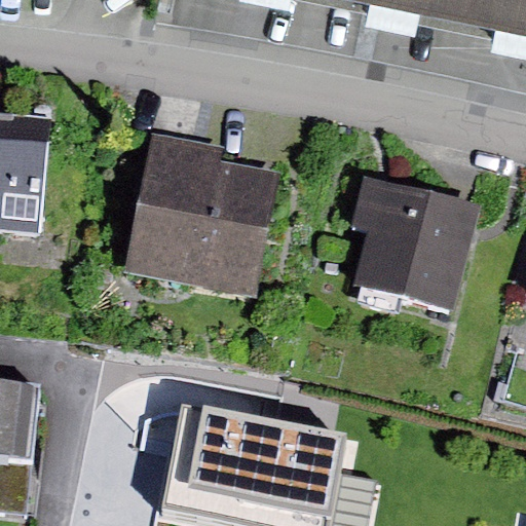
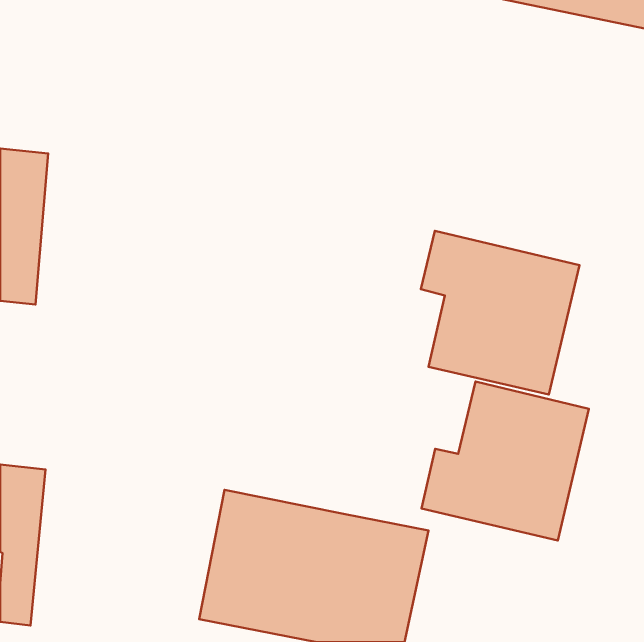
building: [124,139,270,301] -> none
building: none -> [421,381,589,540]

